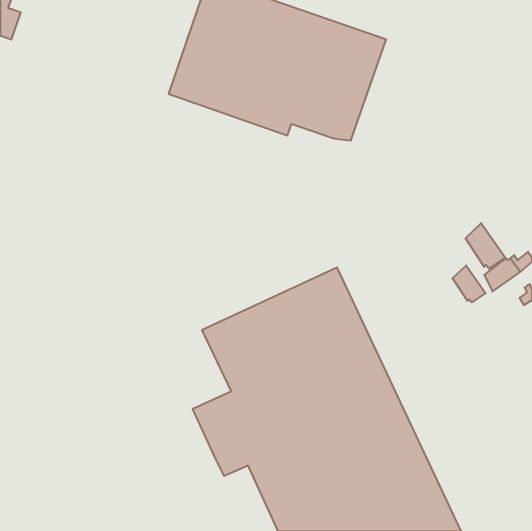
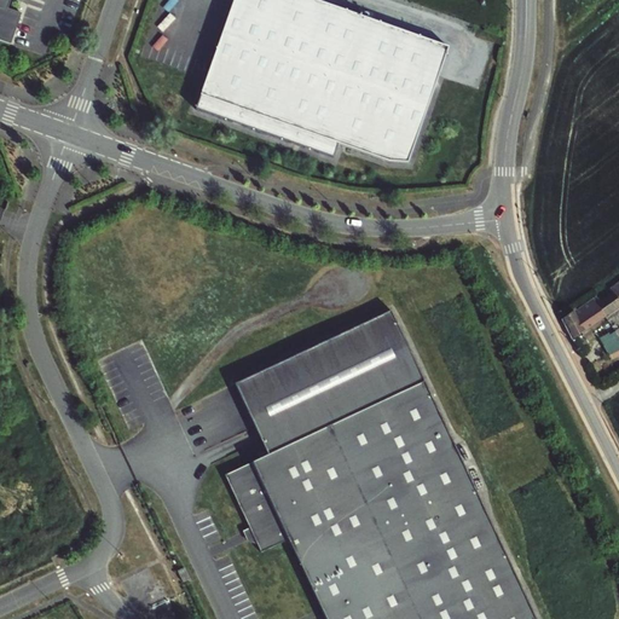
building: [465,223,506,269] -> none
building: [453,265,486,302] -> none

